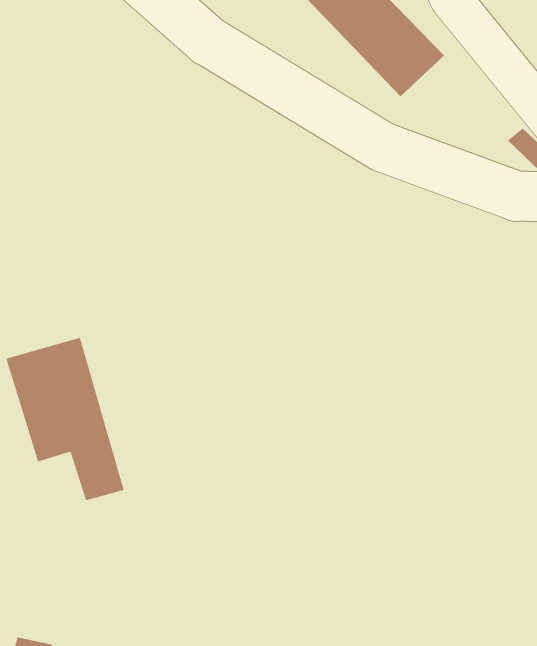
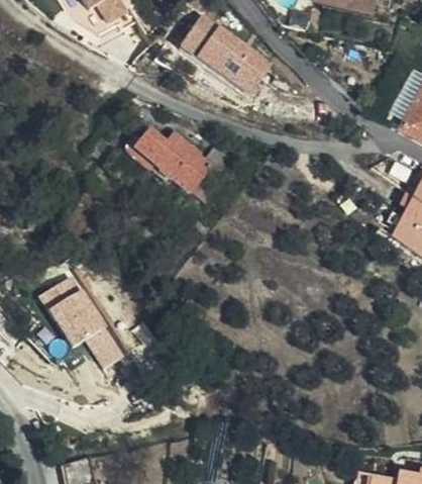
building: none -> [131,130,217,201]

